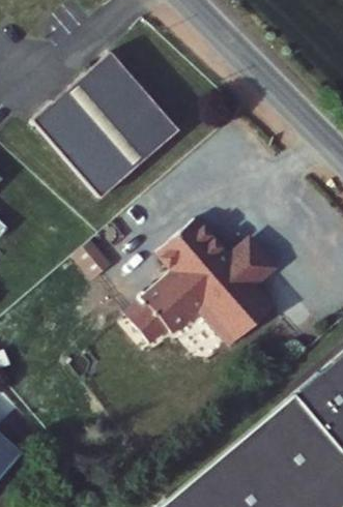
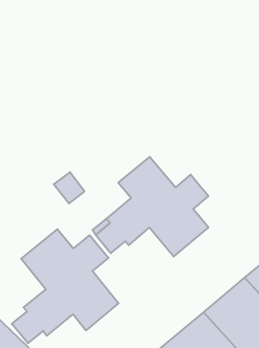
building: [35,52,181,198] -> none
building: none -> [12,229,119,343]

